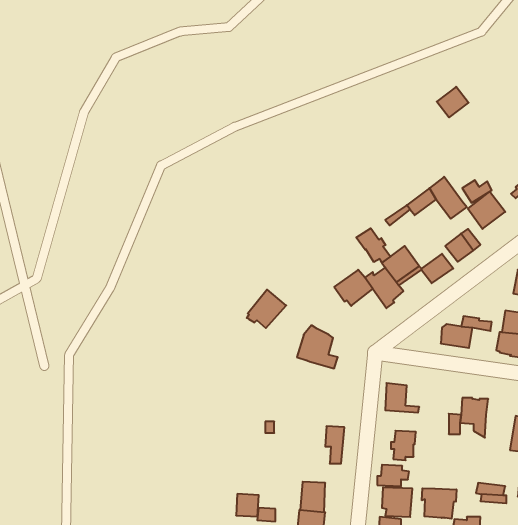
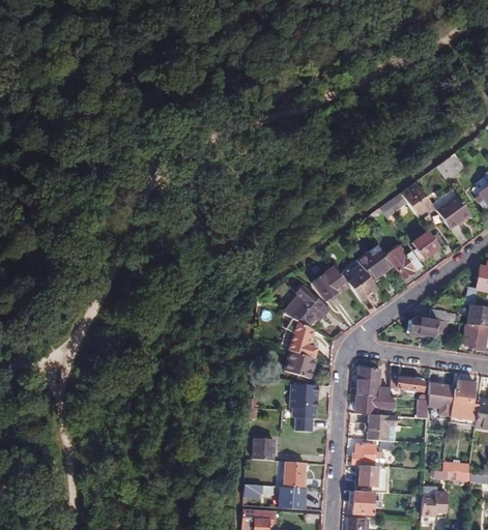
building: [437,87,469,117] -> [434,153,463,181]
building: [356,228,391,262] -> none
building: [247,290,286,328] -> [290,290,326,325]
building: none -> [285,350,315,377]
building: none -> [391,373,424,391]
building: none -> [451,381,477,421]
building: none -> [294,383,322,408]
building: none -> [357,394,393,411]
building: [422,488,456,519] -> none
building: [236,494,259,517] -> [251,438,271,459]

